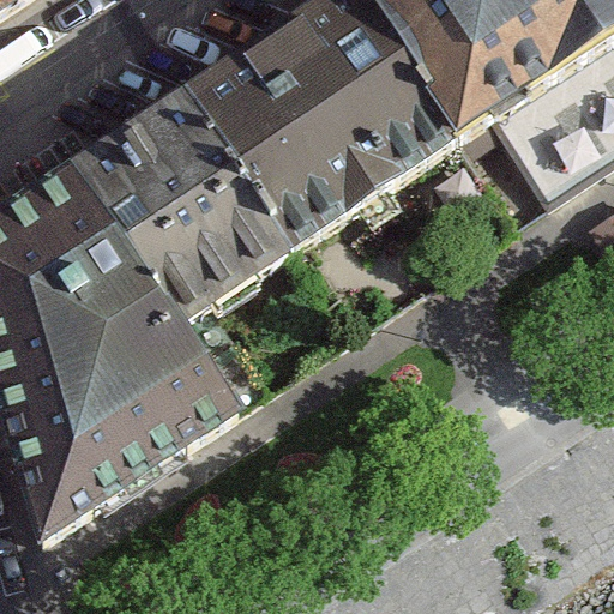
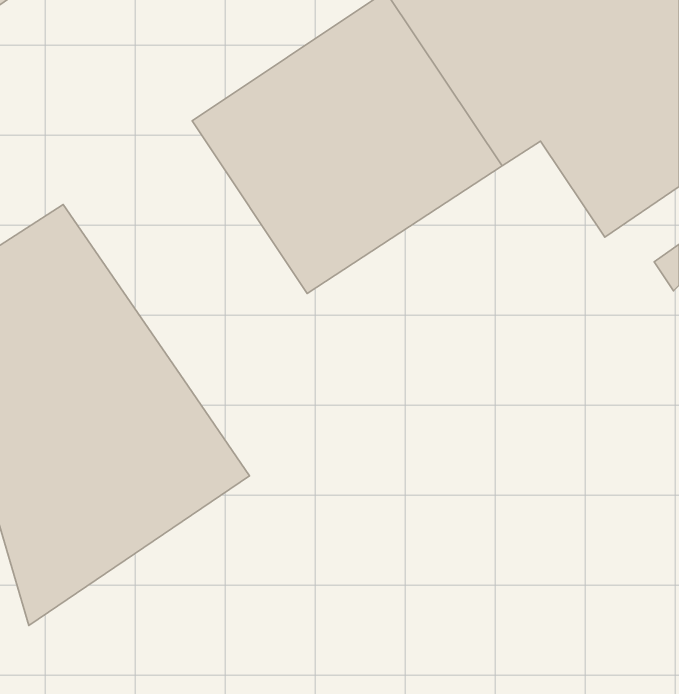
building: [55,106,269,416] -> none

